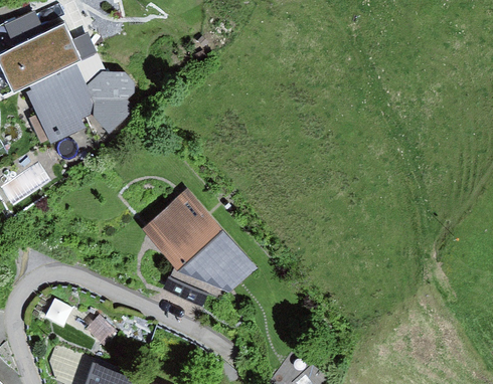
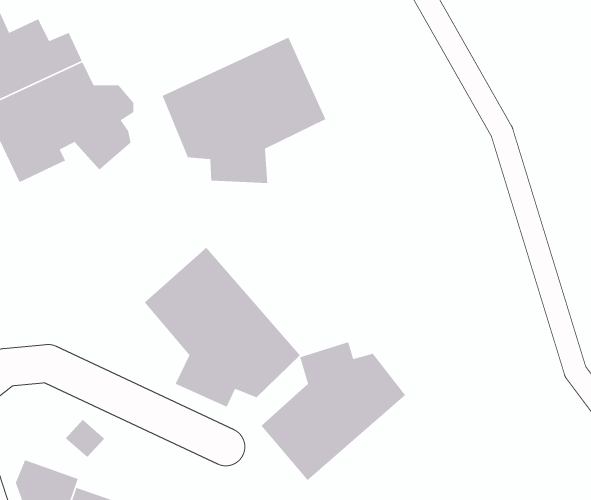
building: none -> [162,37,326,184]
building: none -> [260,341,406,481]

